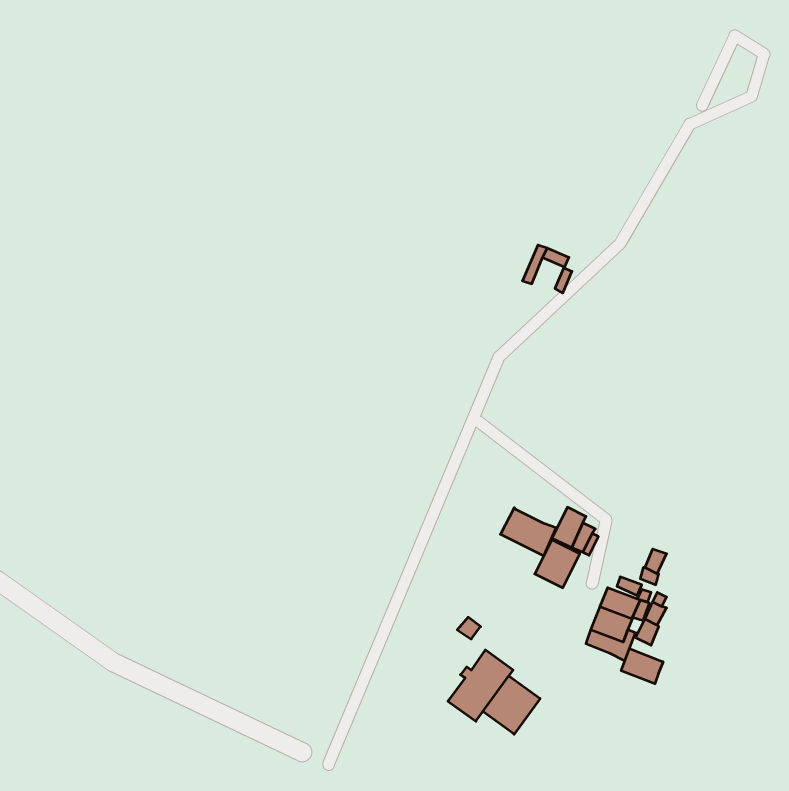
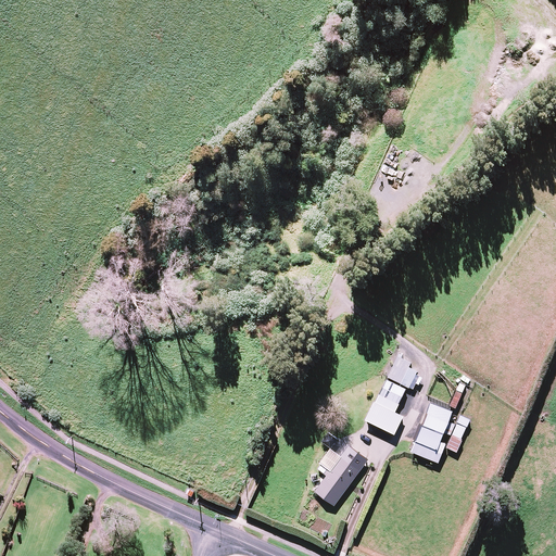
building: [500,508,556,556] -> [364,401,403,434]
building: [621,649,663,684] -> none
building: [483,676,540,734] -> none

